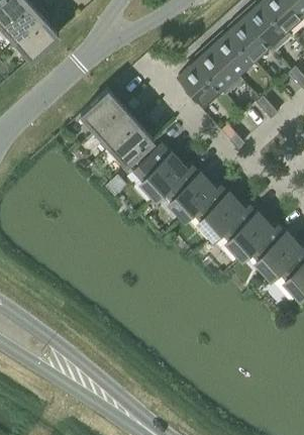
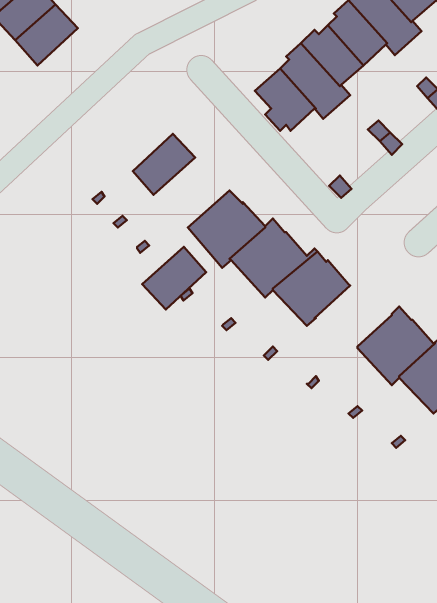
building: [80,89,122,131] -> none
building: [109,122,153,165] -> [142,247,206,309]
building: [218,204,271,256] -> none

